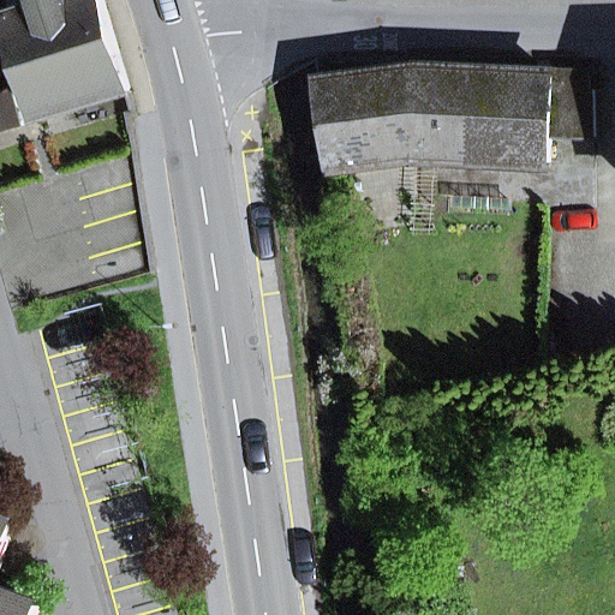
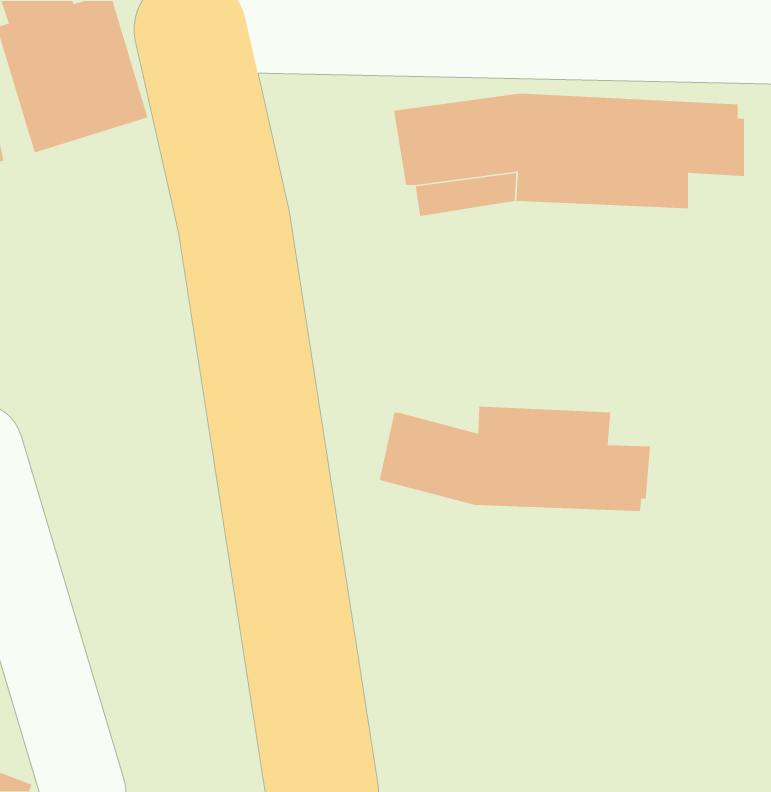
building: none -> [379,406,651,512]

